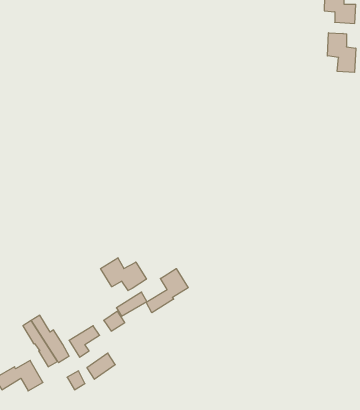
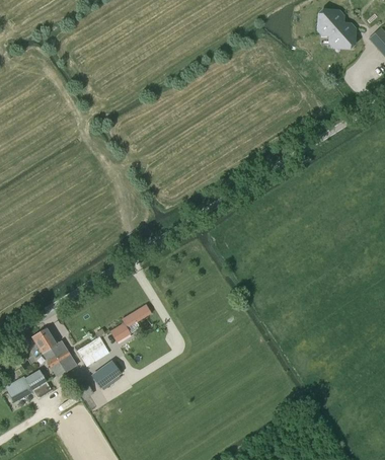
building: [327,33,356,72] -> none
building: [101,258,146,291] -> none
building: [146,269,188,313] -> none

